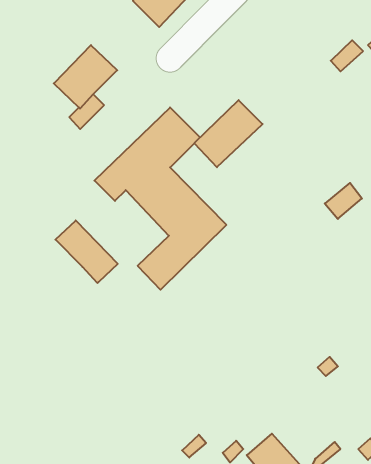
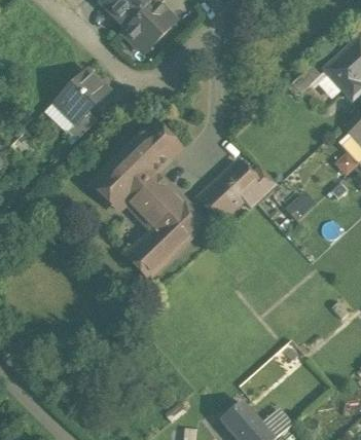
building: [194,100,263,167] -> [201,161,259,219]
building: [55,220,118,283] -> none

